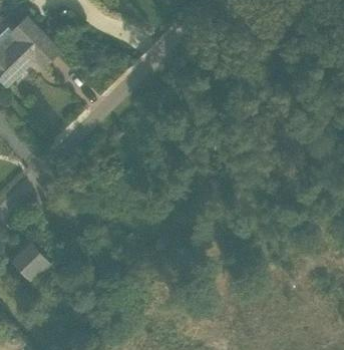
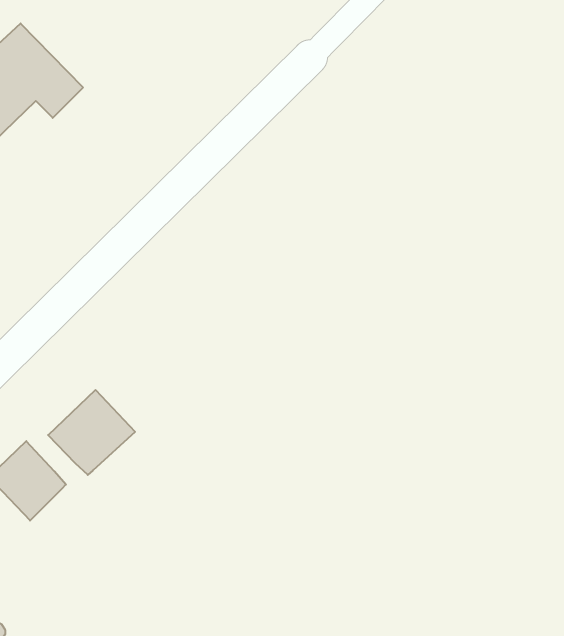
building: none -> [48,390,135,475]

